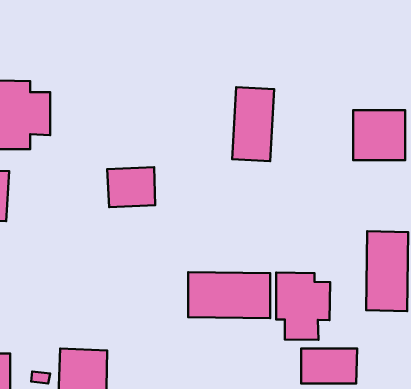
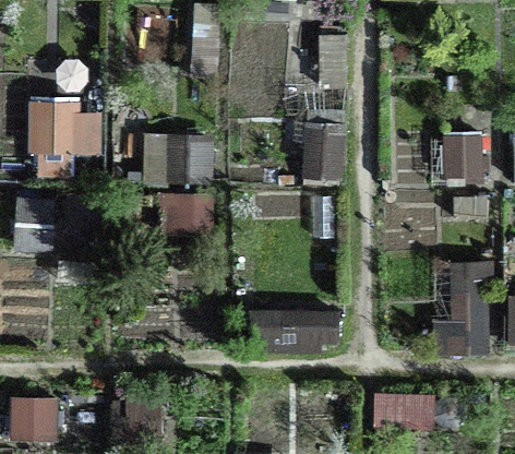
building: none -> [139,133,215,184]
building: [276,273,330,340] -> none

